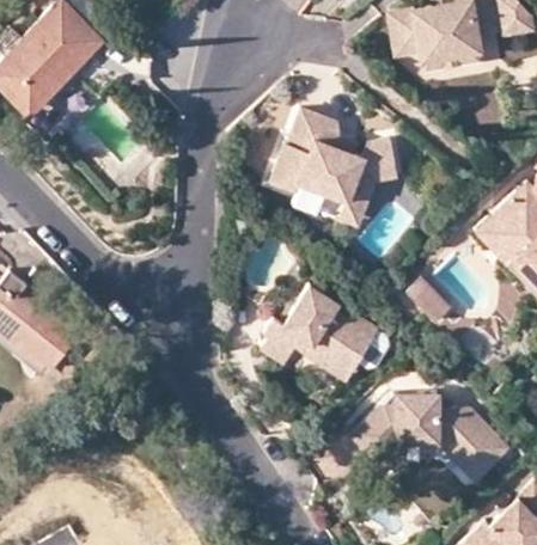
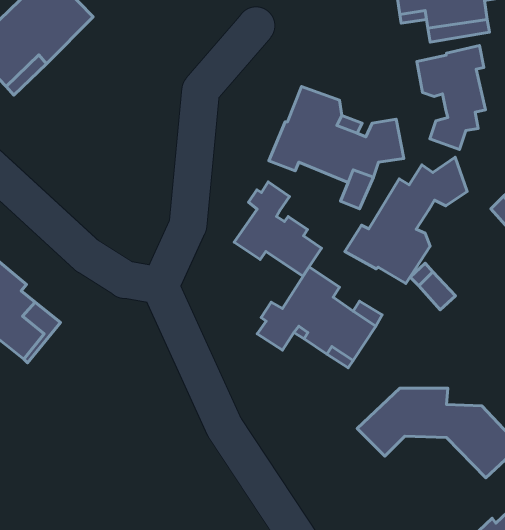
building: none -> [417,46,486,150]
building: none -> [345,157,467,283]
building: none -> [234,182,322,276]

